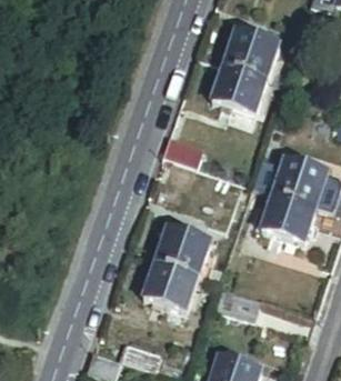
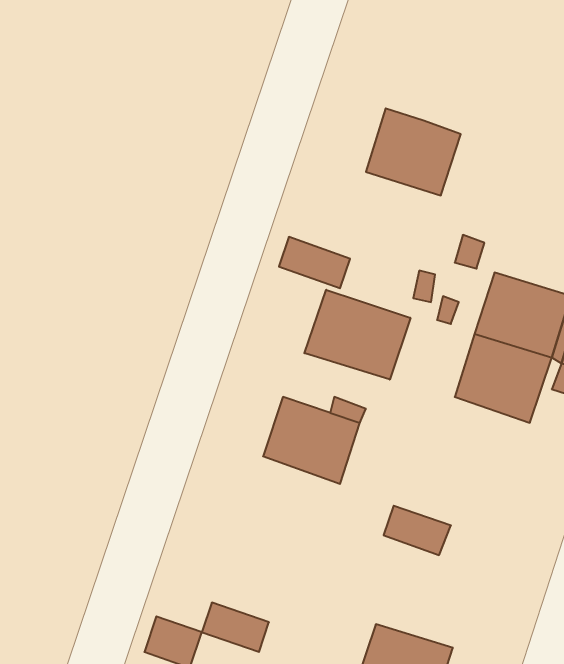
building: [221,32,274,80] -> none
building: none -> [304,290,410,380]
building: [142,261,195,308] -> none

